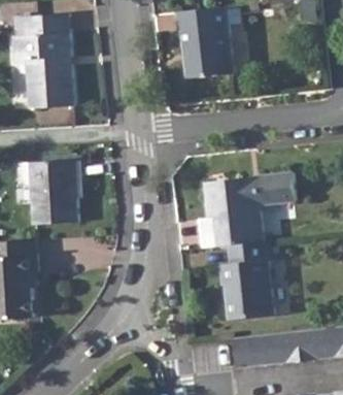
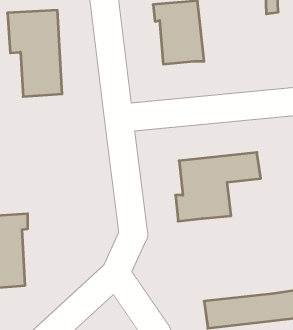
building: [19,159,81,224] -> none
building: [220,238,280,321] -> none

